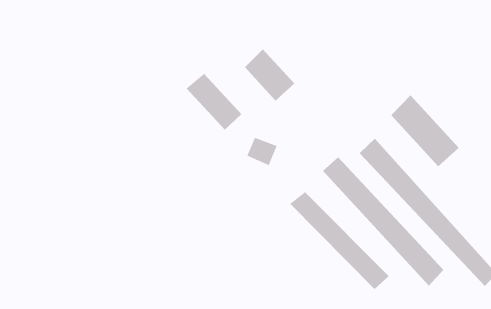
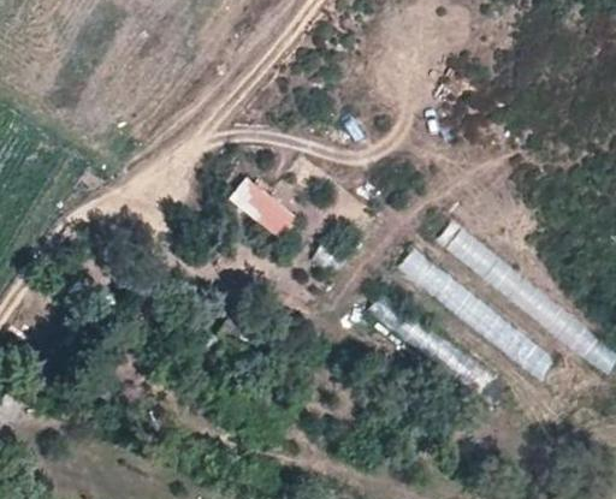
building: [244,48,295,101] -> none
building: [391,95,460,167] -> none

